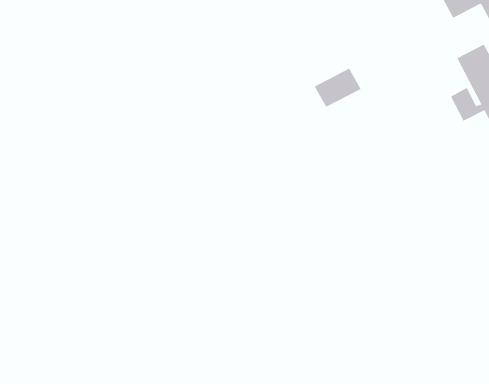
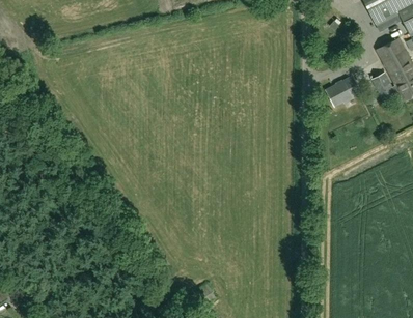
building: [314,68,361,108] -> [324,75,361,106]

